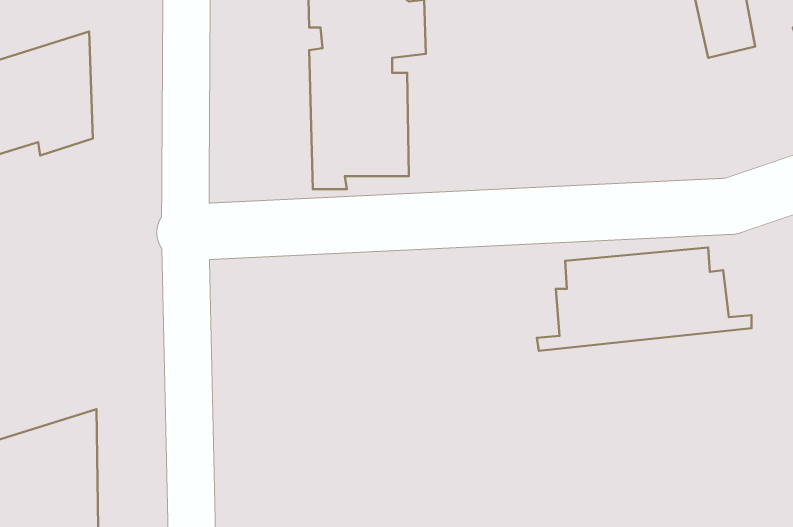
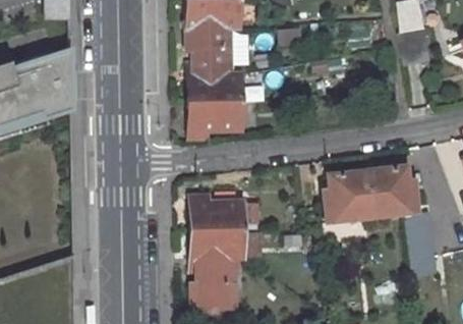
building: none -> [192,195,245,307]

